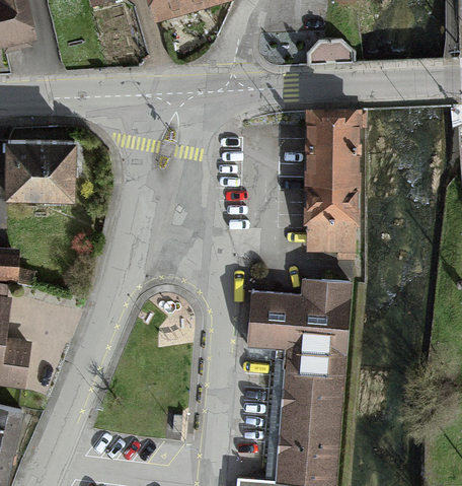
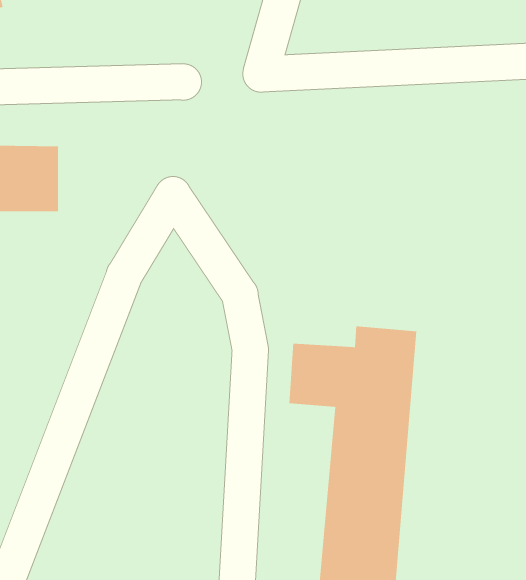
building: [310,109,357,247] -> none

